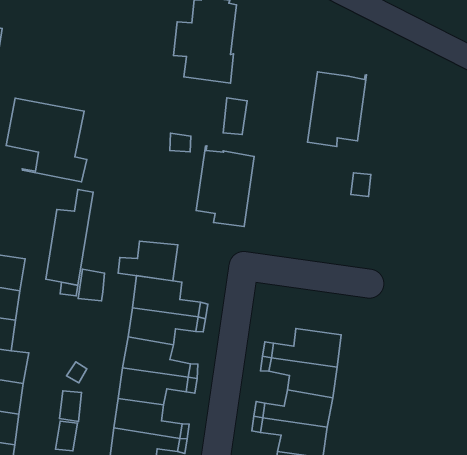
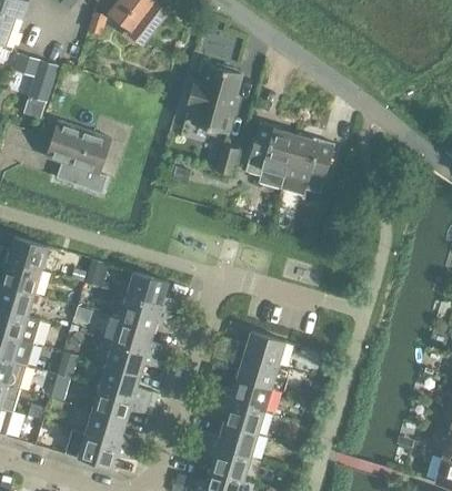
building: [196,146,254,227] -> [245,122,297,188]
building: [46,190,93,285] -> none
building: [118,241,178,281] -> none

